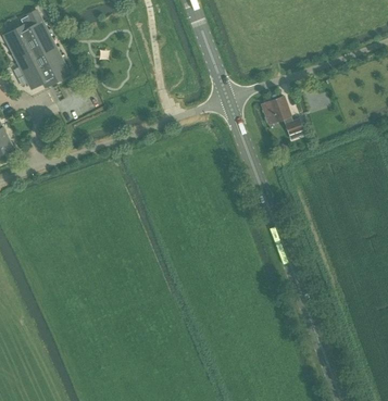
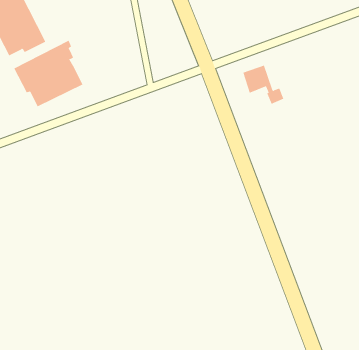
building: none -> [14,40,83,107]

